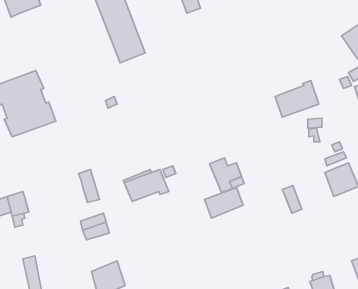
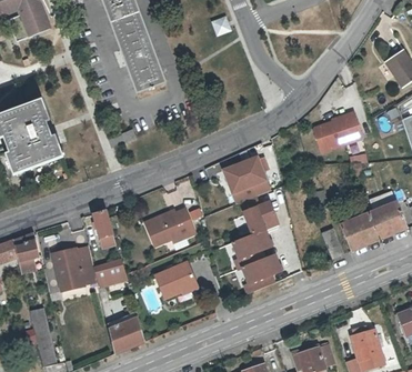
building: none -> [222,153,271,202]
building: none -> [340,213,378,251]
building: none -> [50,248,96,292]
building: none -> [241,252,284,288]
building: none -> [152,262,194,300]

